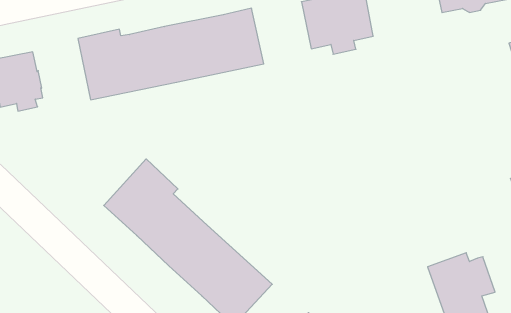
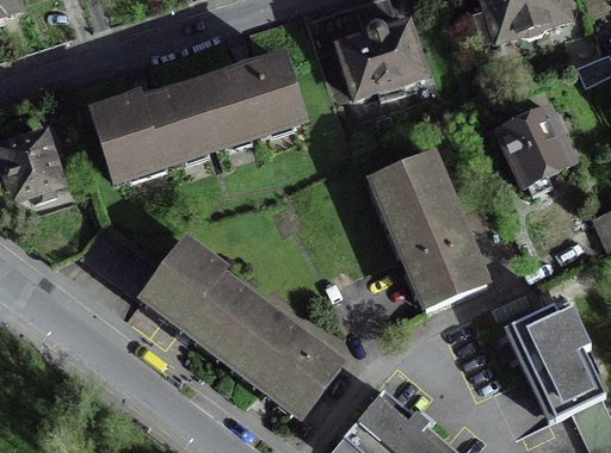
building: none -> [499,111,570,194]
building: none -> [371,155,483,308]

